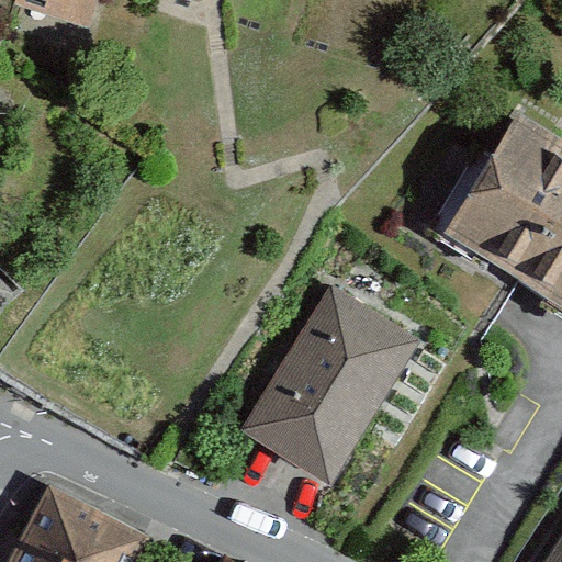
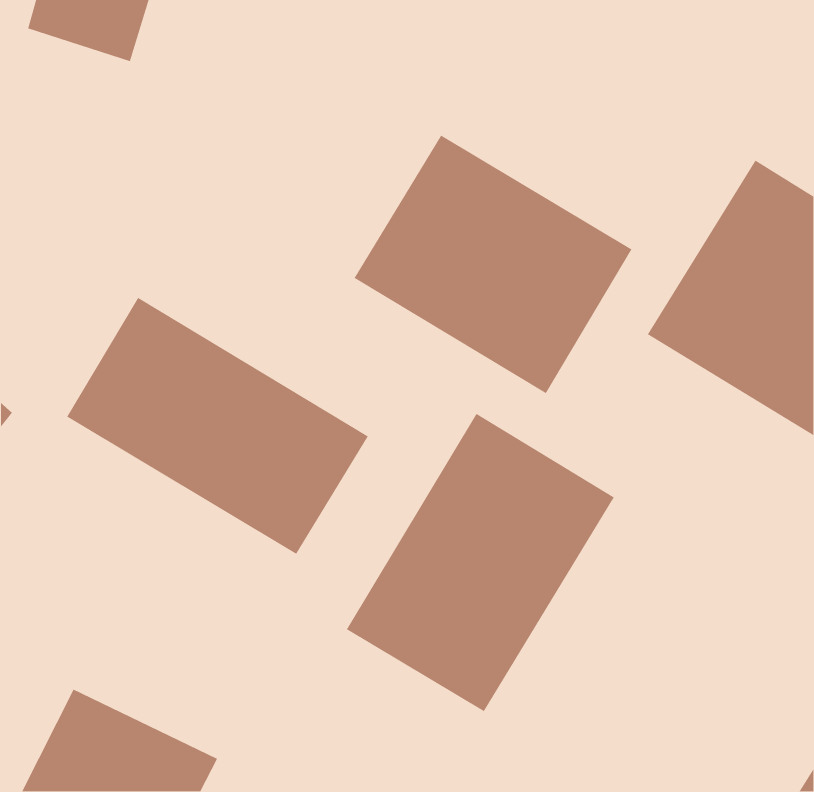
building: none -> [354,135,633,394]
building: none -> [66,297,369,555]

